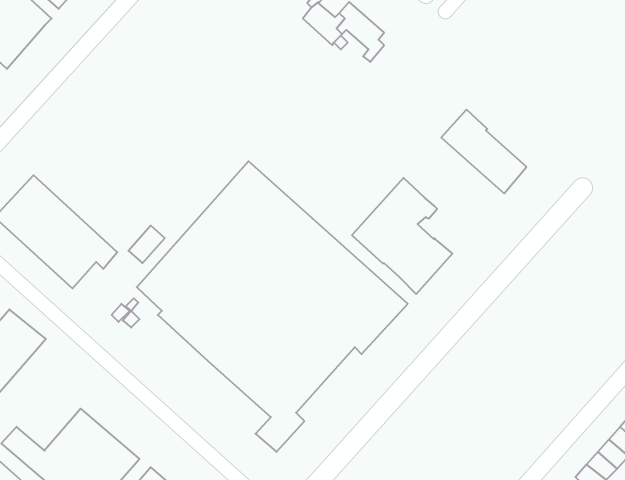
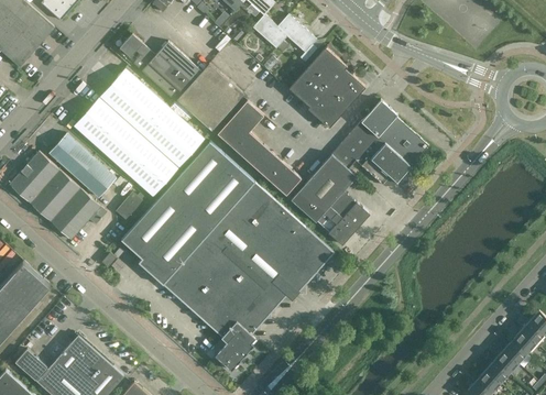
building: none -> [119,34,243,131]
building: none -> [290,48,365,129]
building: none -> [74,68,204,196]
building: none -> [218,100,302,196]
building: none -> [331,122,411,185]
building: none -> [47,133,116,198]

